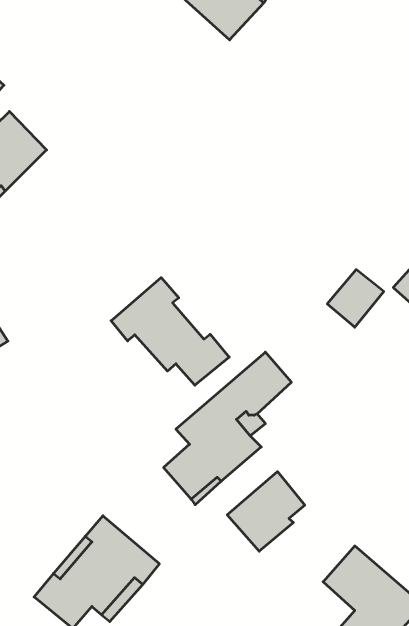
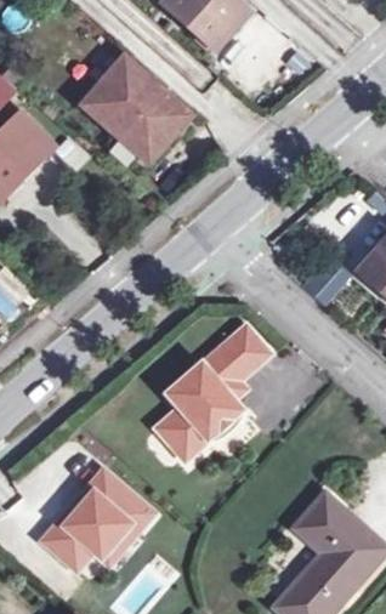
building: none -> [80,56,189,163]
building: [111,278,229,385] -> none
building: [227,472,305,551] -> none

